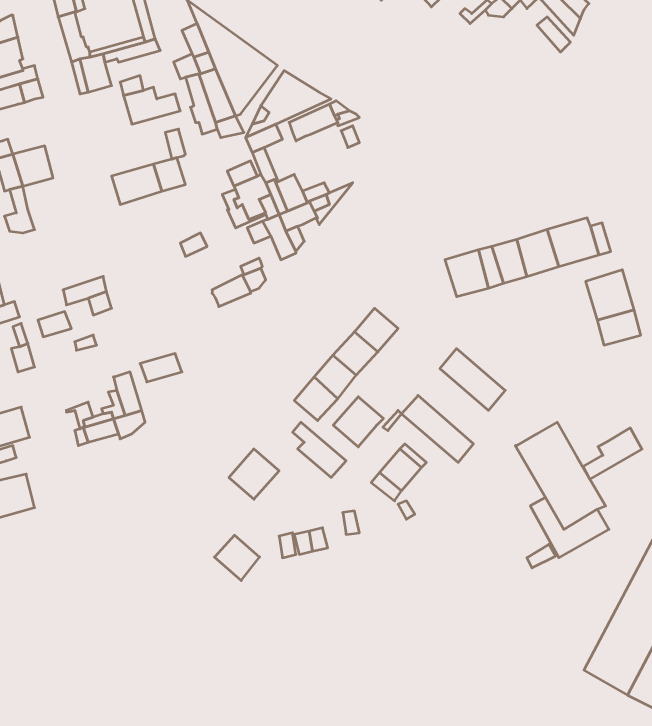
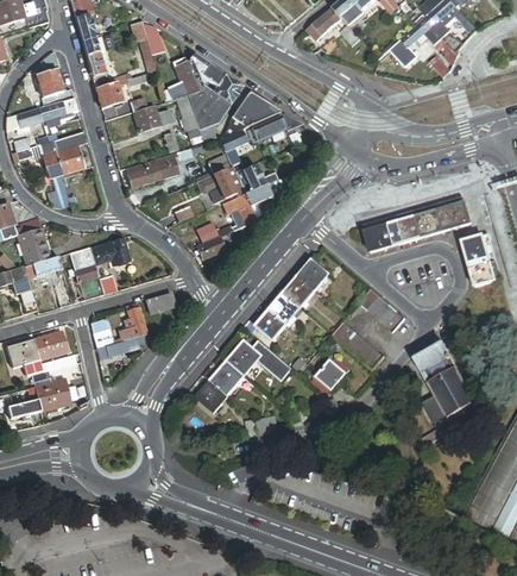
building: [333,397,383,447] -> [226,340,261,376]
building: [583,428,642,479] -> none
building: [214,535,260,581] -> [194,381,226,413]

